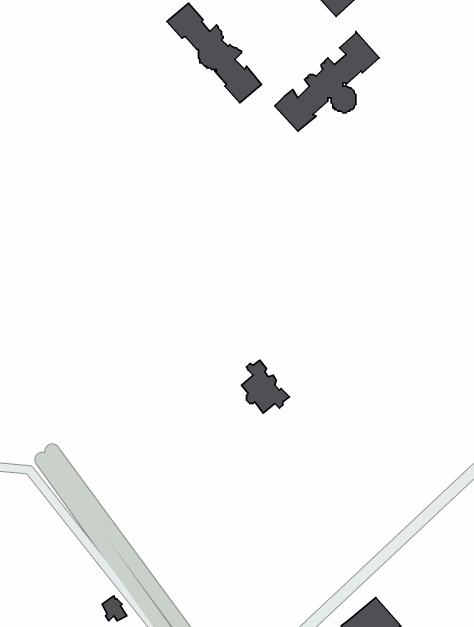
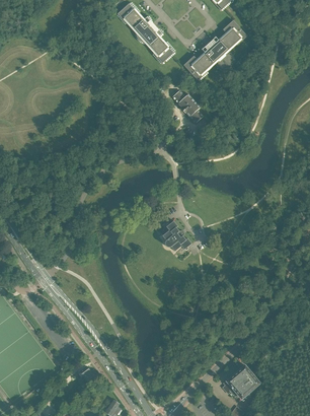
building: none -> [172,90,203,123]

